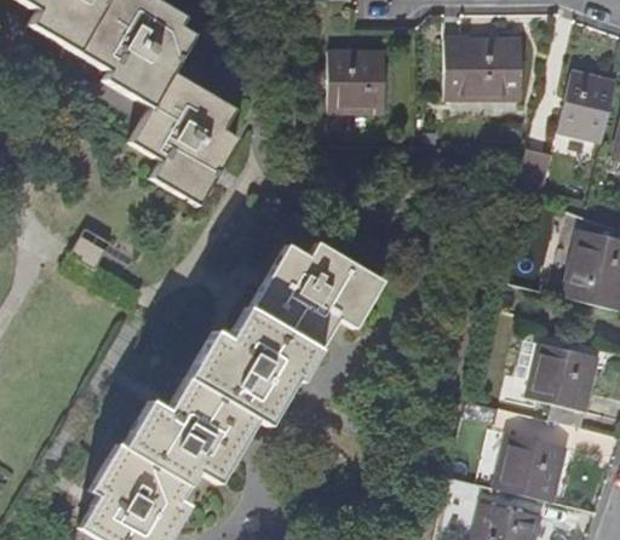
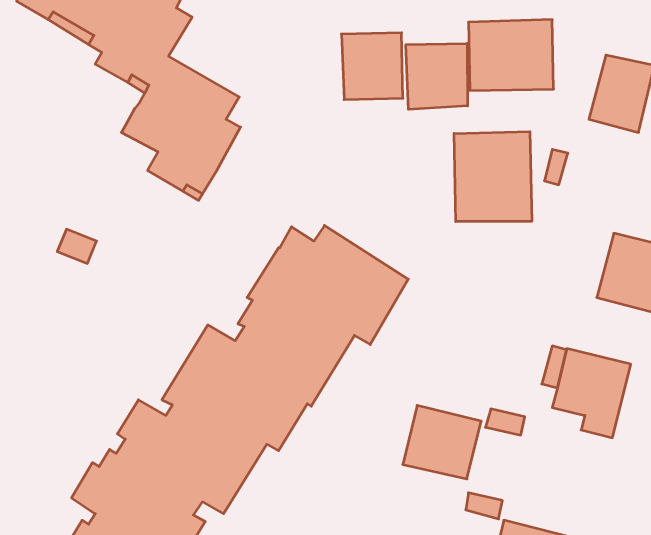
building: none -> [406,43,468,109]
building: none -> [454,132,532,222]
building: [494,431,567,499] -> [403,405,481,479]

